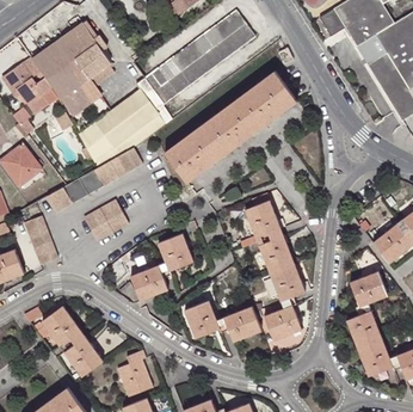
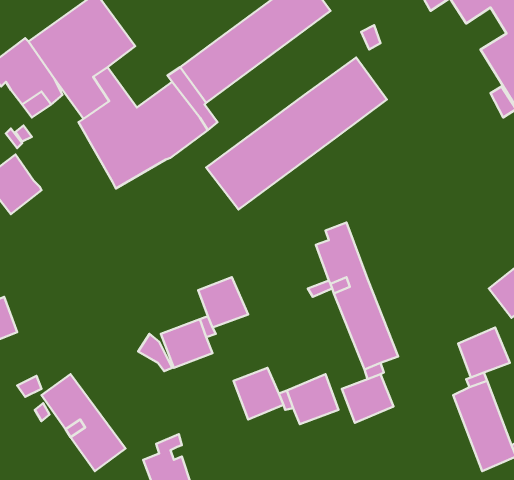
building: [47,147,143,213] -> none
building: [85,202,129,242] -> none
building: [23,214,60,265] -> none

